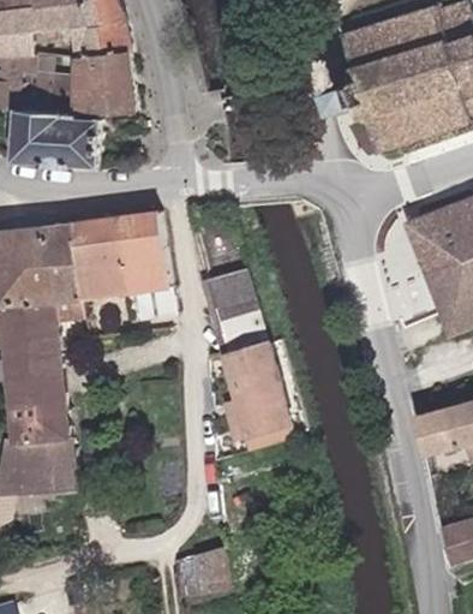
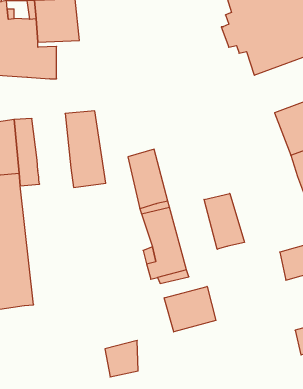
building: [68,217,124,298] -> none
building: none -> [204,193,244,249]
building: none -> [164,286,216,332]

